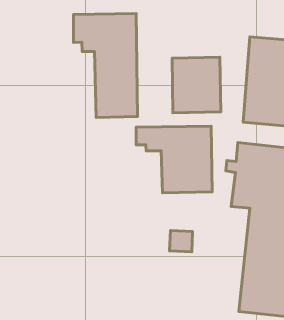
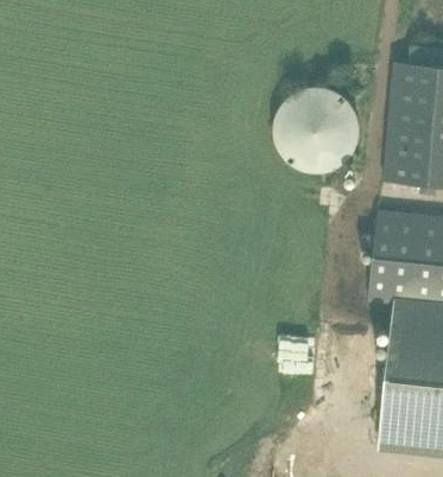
building: [73,14,138,117] -> none
building: [136,126,212,193] -> none

